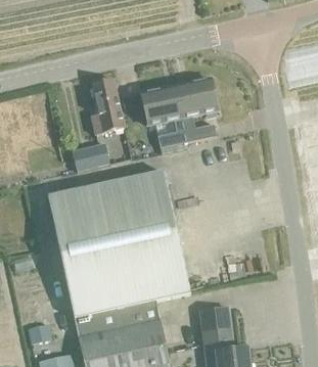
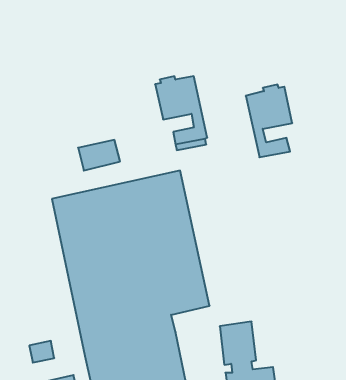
building: [176,76,218,141] -> [246,85,292,157]
building: [91,79,124,134] -> none

